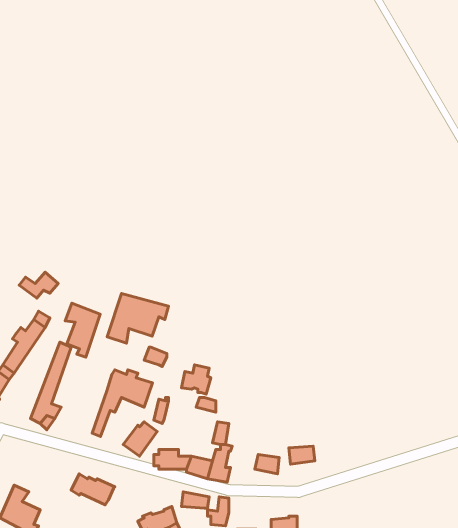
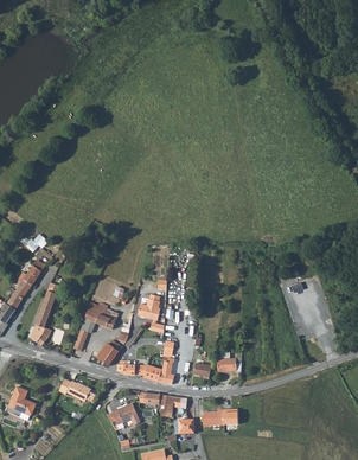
building: [107,294,169,343] -> none
building: [65,303,100,357] -> none

